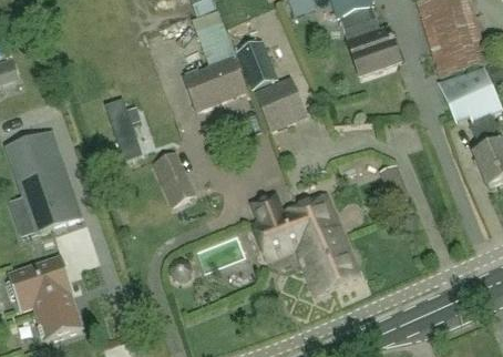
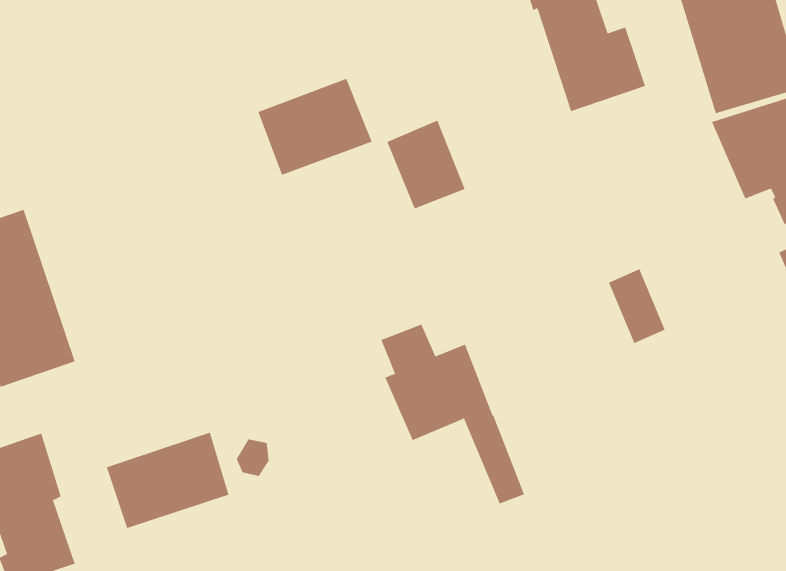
building: [236,40,277,89] -> none
building: [105,96,141,156] -> none
building: [153,150,197,205] -> none
building: [299,194,361,289] -> none
building: none -> [106,432,229,529]

